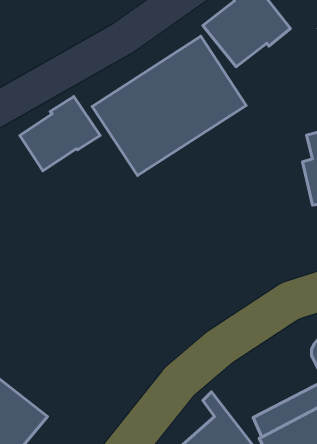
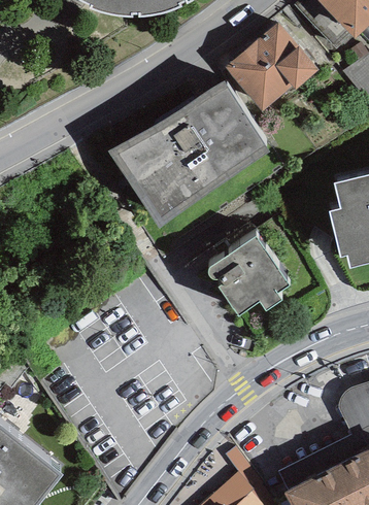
building: [20,96,100,171] -> none
building: none -> [208,234,289,313]

